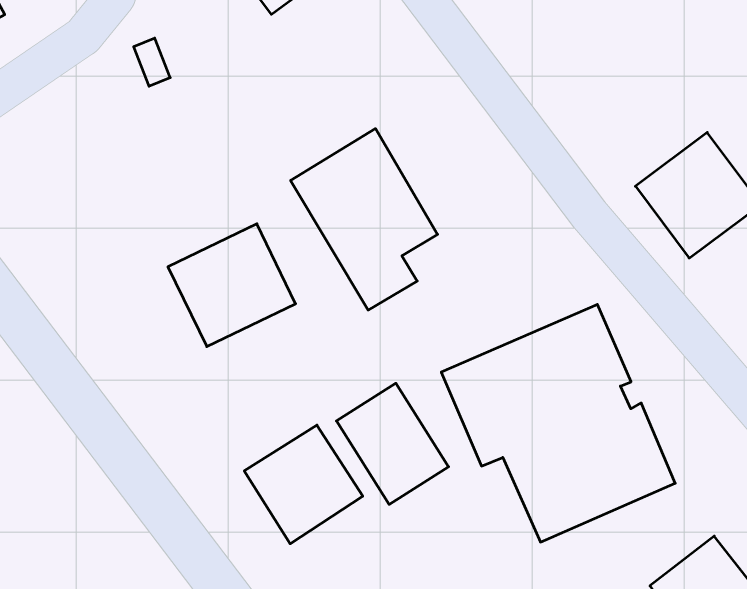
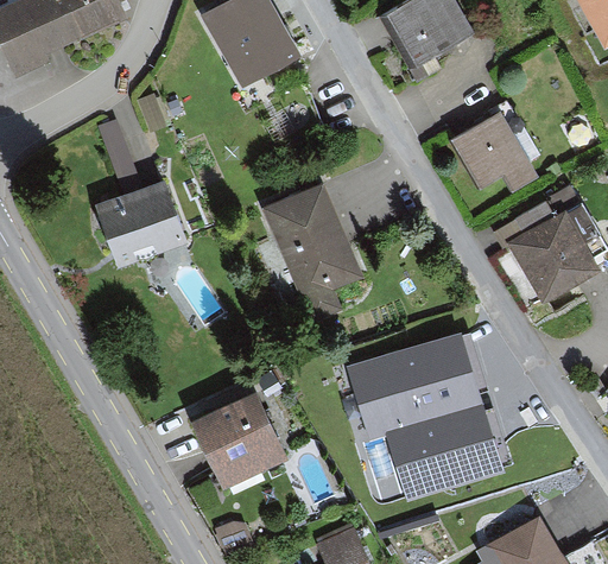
building: none -> [446,107,537,191]
building: [168,224,296,347] -> [96,177,189,265]
building: [336,383,449,504] -> none

